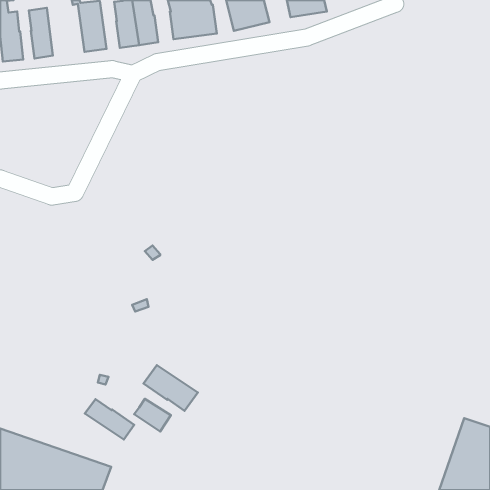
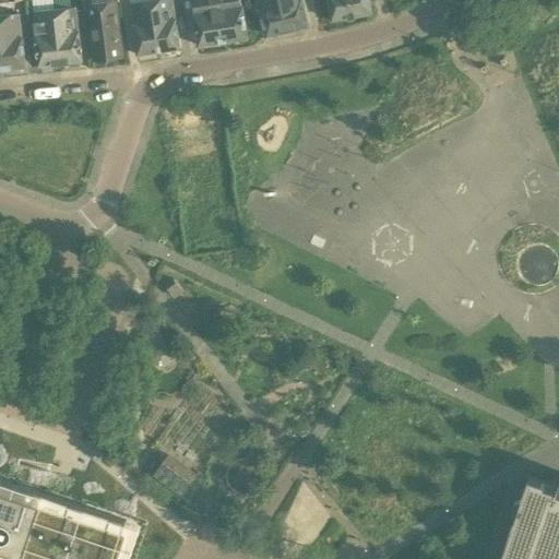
building: none -> [53,7,82,63]
building: [144,365,198,411] -> none
building: [85,399,134,440] -> none

